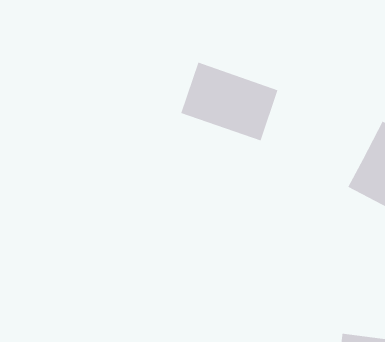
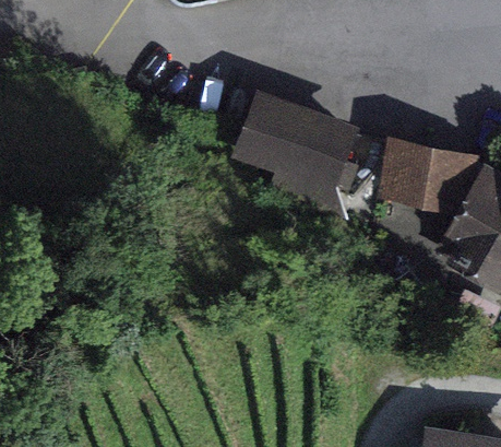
building: none -> [377,138,470,214]

